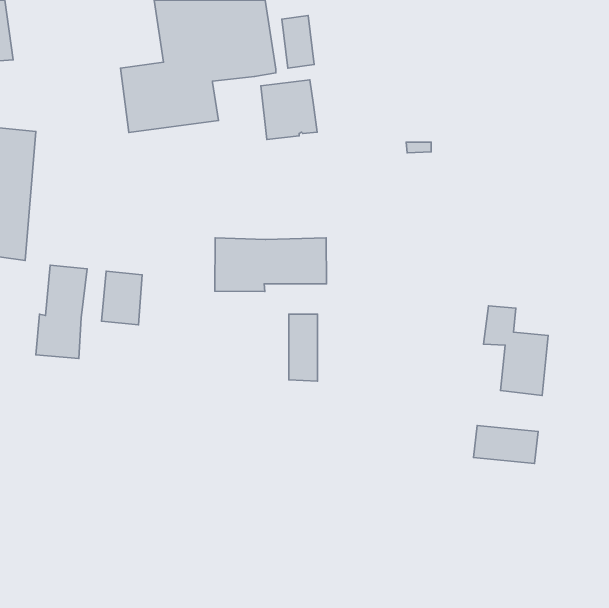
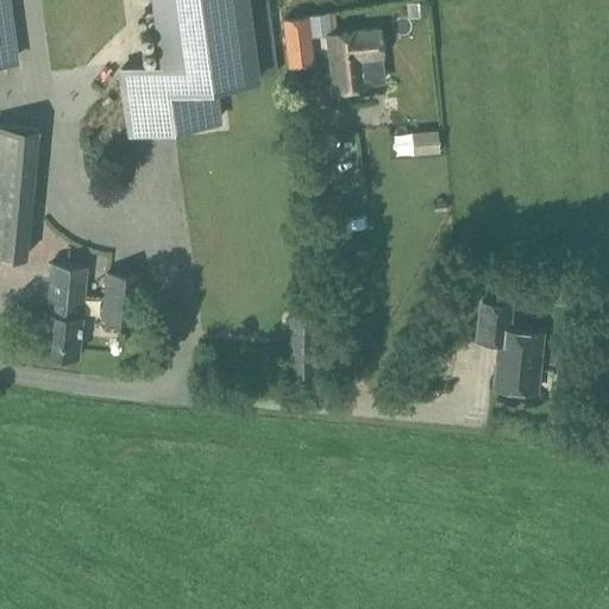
building: [261,80,317,139] -> [328,32,384,92]
building: [215,238,326,291] -> none
building: [473,426,538,464] -> none

